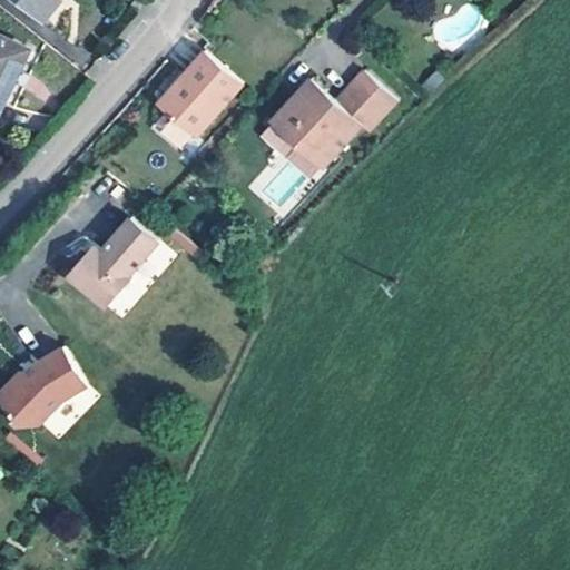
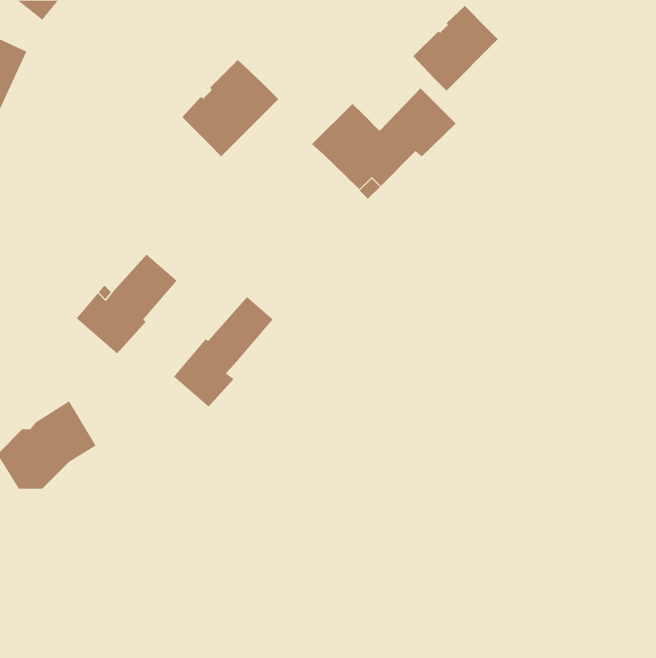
building: none -> [413,5,499,91]
building: none -> [173,296,274,408]

